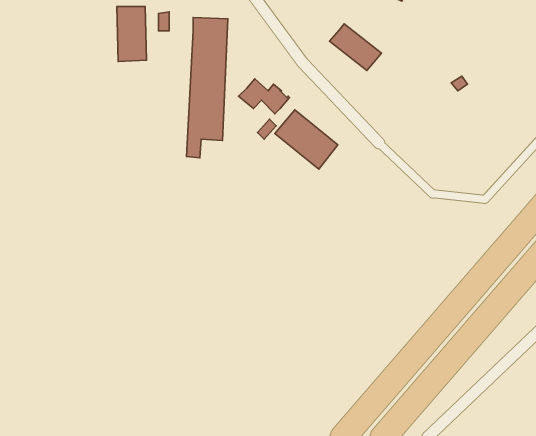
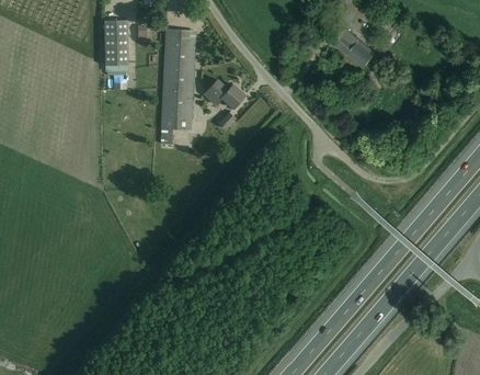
building: [329,24,382,71] -> [331,29,374,67]
building: [275,110,338,169] -> none

